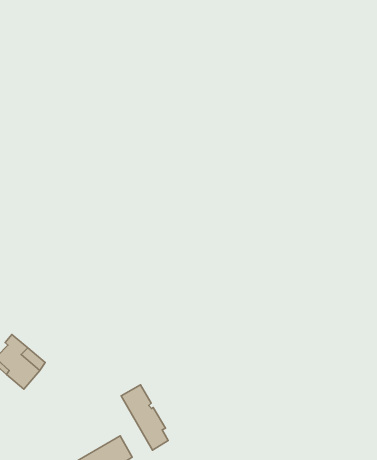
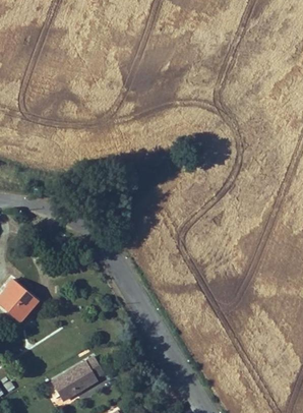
building: [121,385,168,450] -> none

